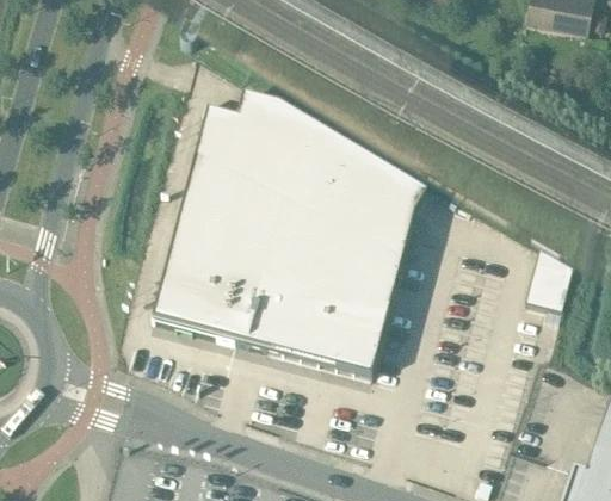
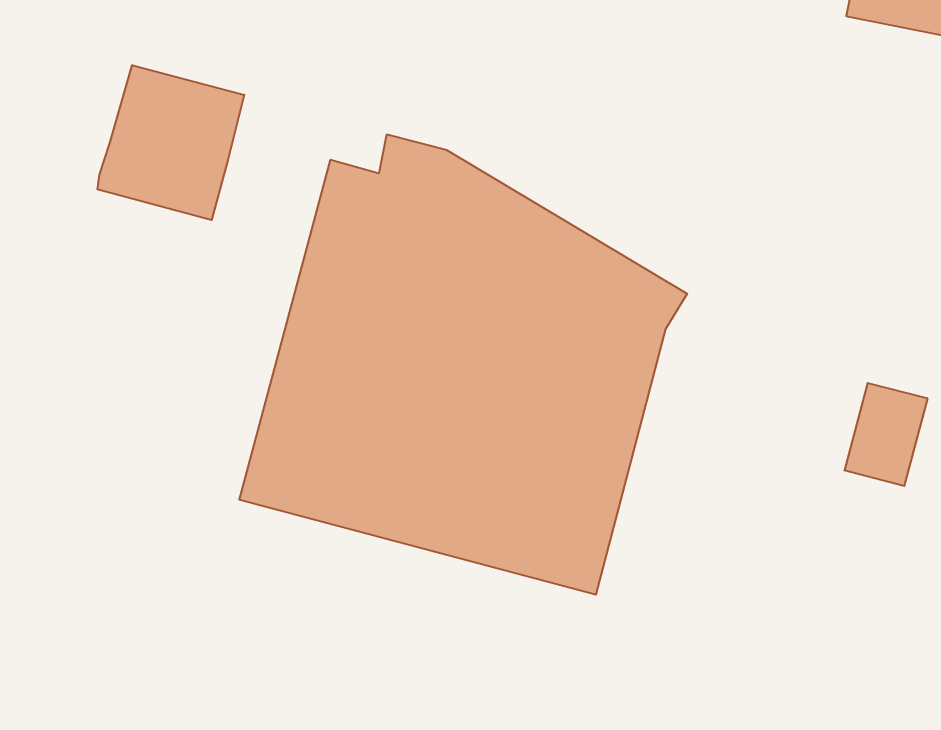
building: none -> [97,65,244,220]

